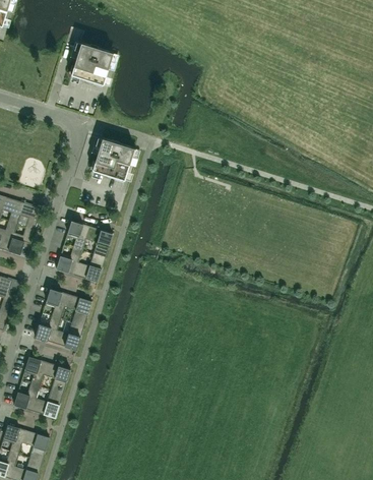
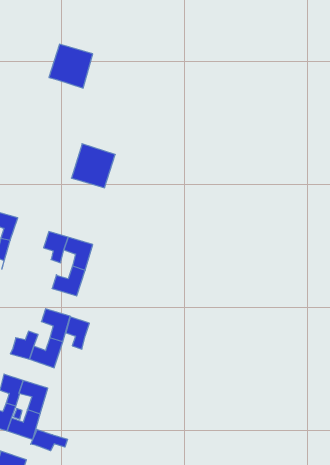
building: [55,248,81,276] -> none
building: [45,289,67,319] -> [66,317,89,349]
building: none -> [31,429,68,451]

